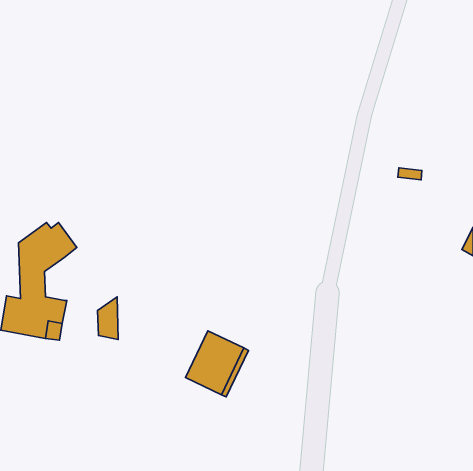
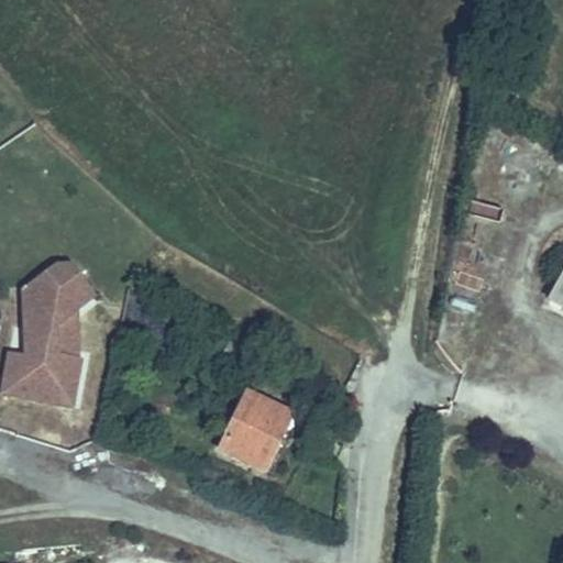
building: [98,297,118,339] -> [53,306,77,356]

